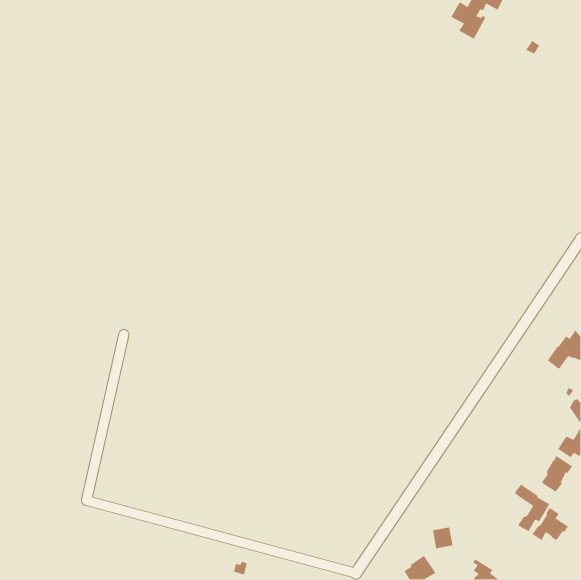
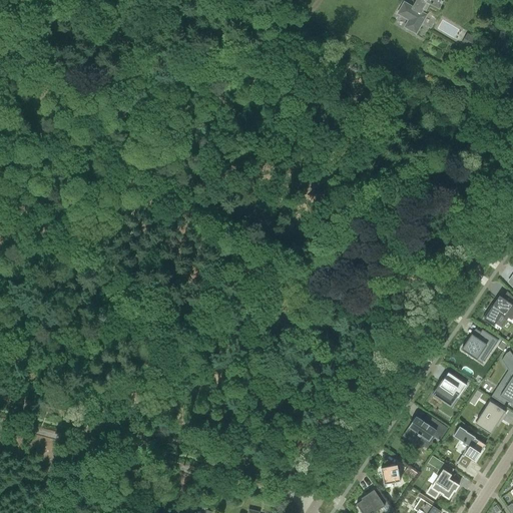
building: none -> [461,329,498,360]
building: none -> [432,372,466,406]
building: none -> [402,416,447,443]
building: [531,507,569,541] -> [426,468,459,498]

